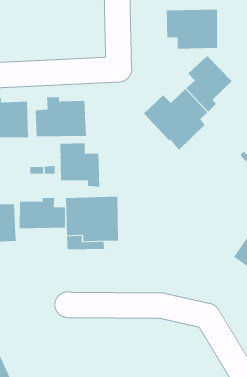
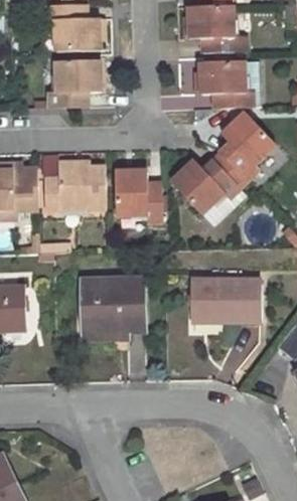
building: none -> [49,60,101,108]
building: [59,143,100,187] -> [115,171,162,222]
building: none -> [192,279,259,322]
building: [19,197,65,229] -> none

